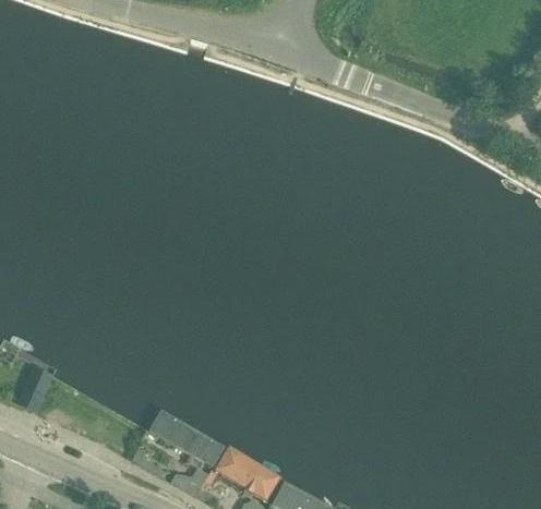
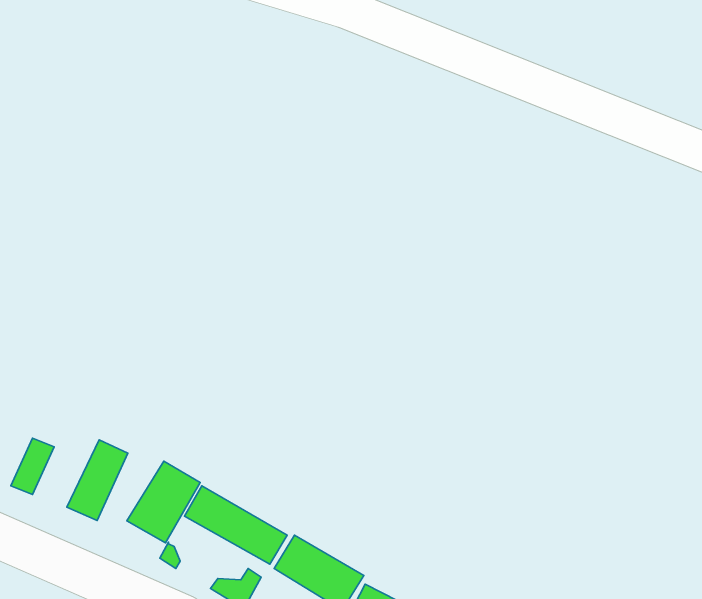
building: none -> [67,440,128,521]
building: none -> [127,461,200,543]

